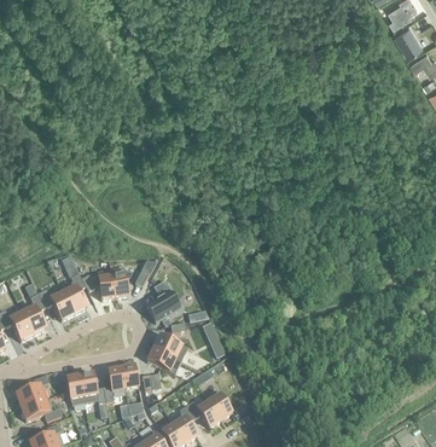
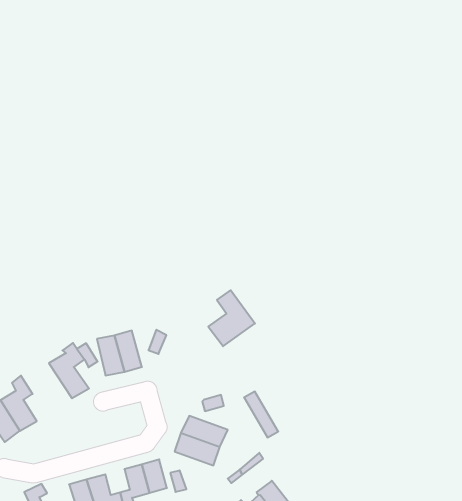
building: [146,283,181,324] -> [208,290,255,346]
building: [39,288,75,323] -> none

